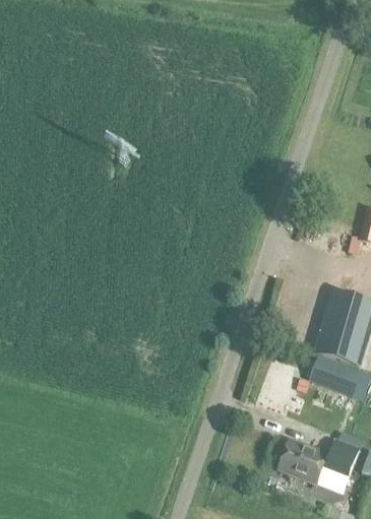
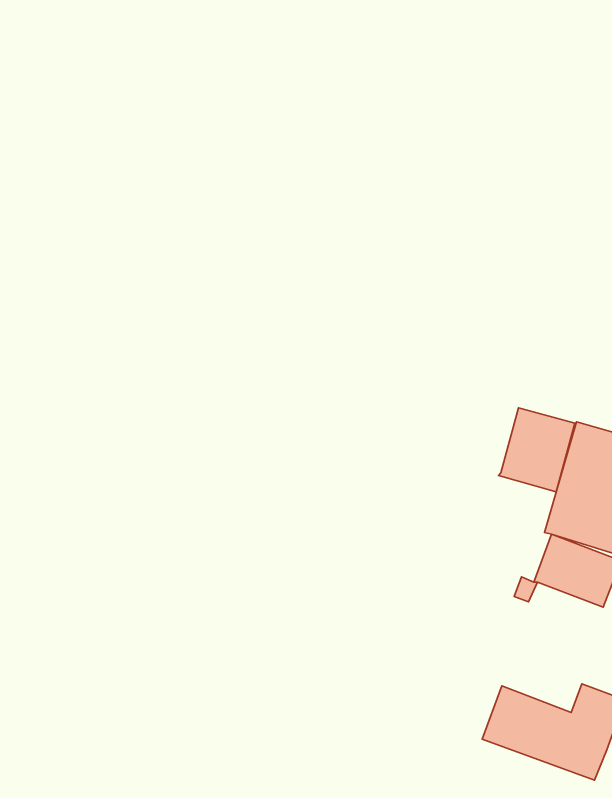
building: none -> [498,408,575,492]

